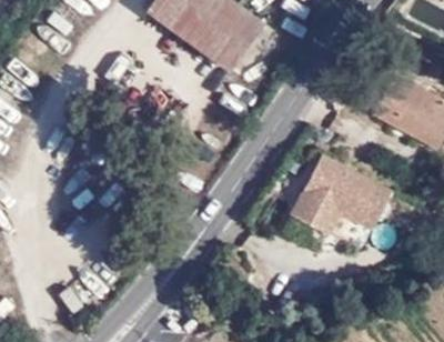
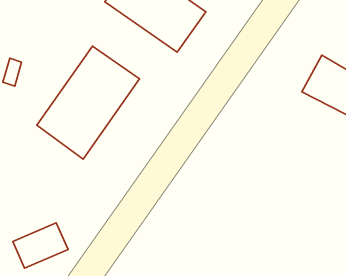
building: none -> [37,46,140,159]
building: [292,155,395,238] -> none

